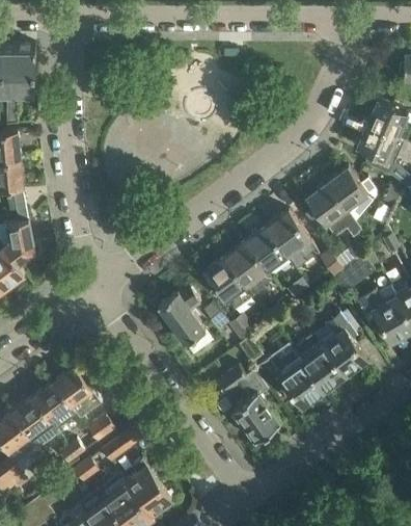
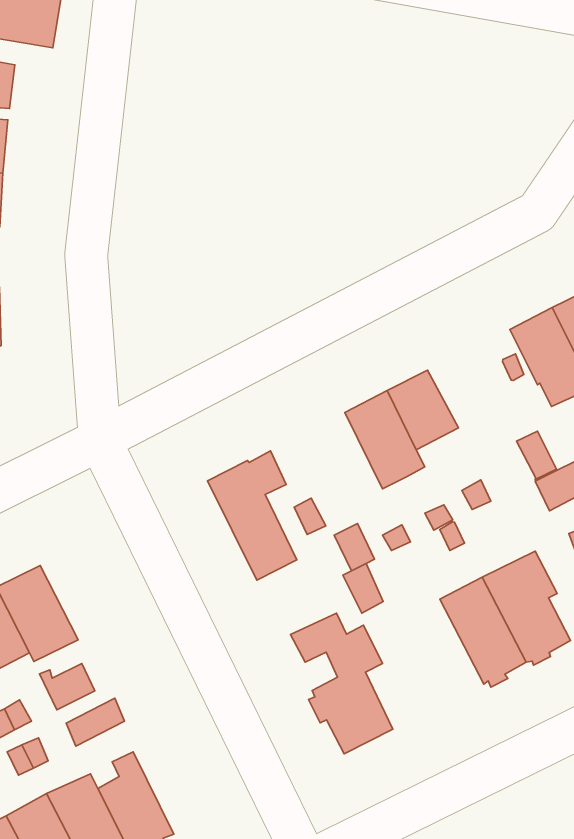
building: [265,213,318,264] -> none
building: [203,260,253,313] -> none
building: [257,346,323,409] -> none

